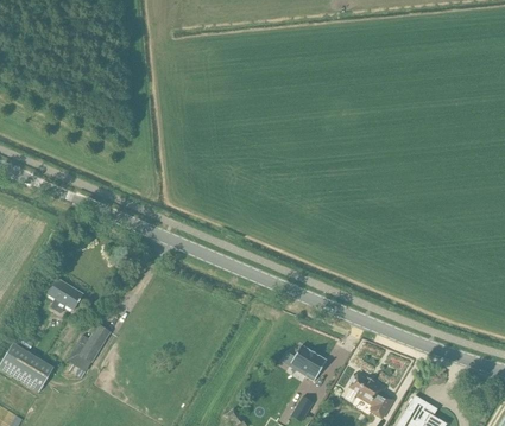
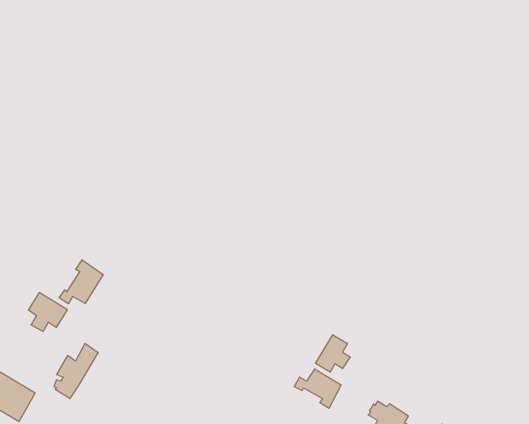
building: none -> [59,260,103,304]
building: none -> [316,335,350,372]

